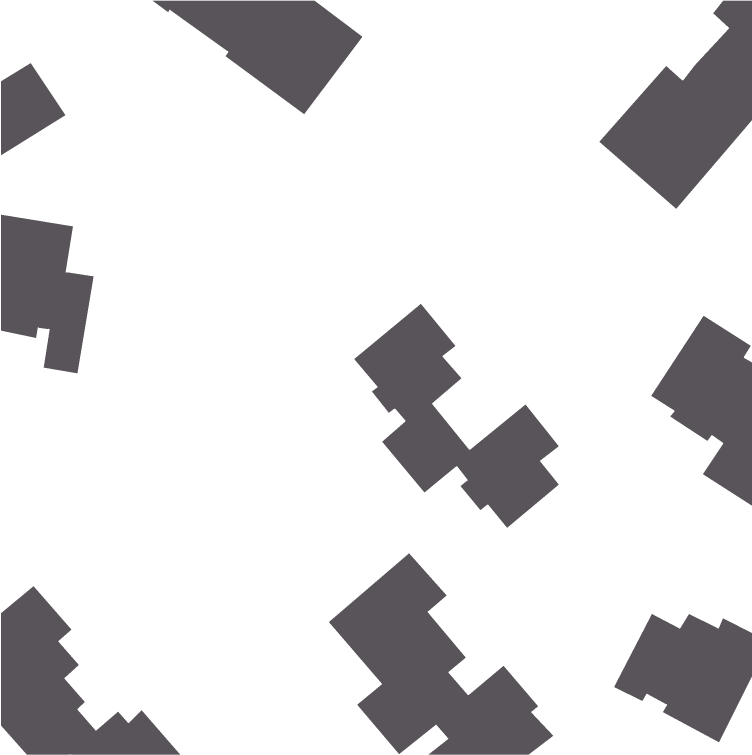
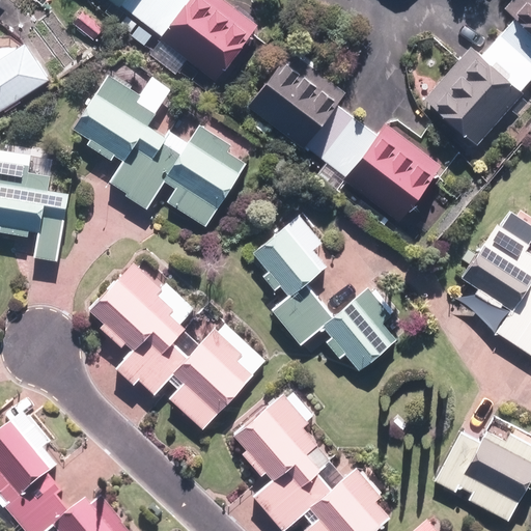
building: none -> [247,51,443,224]
building: none -> [68,74,246,228]
building: none -> [87,261,258,430]

